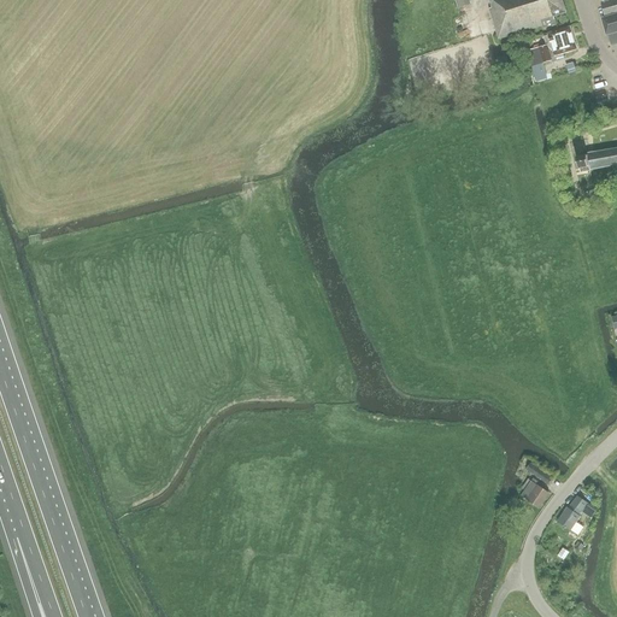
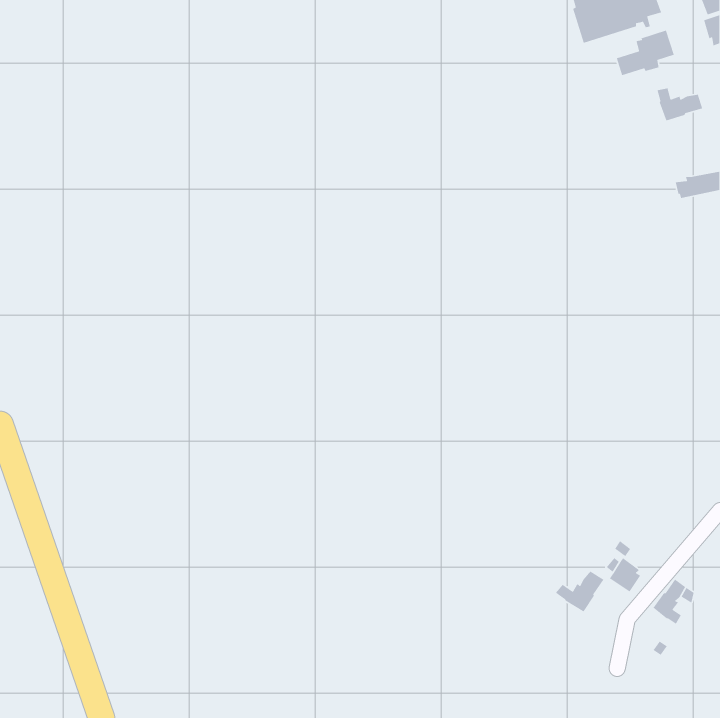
building: none -> [656,88,703,122]
building: none -> [555,570,604,613]

